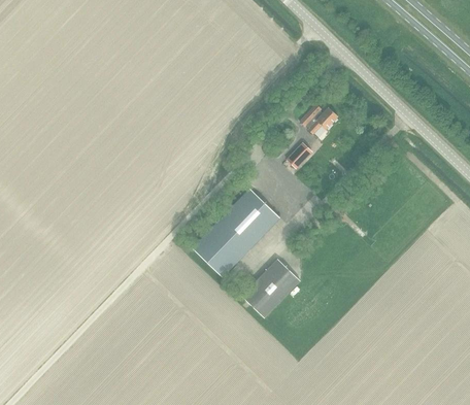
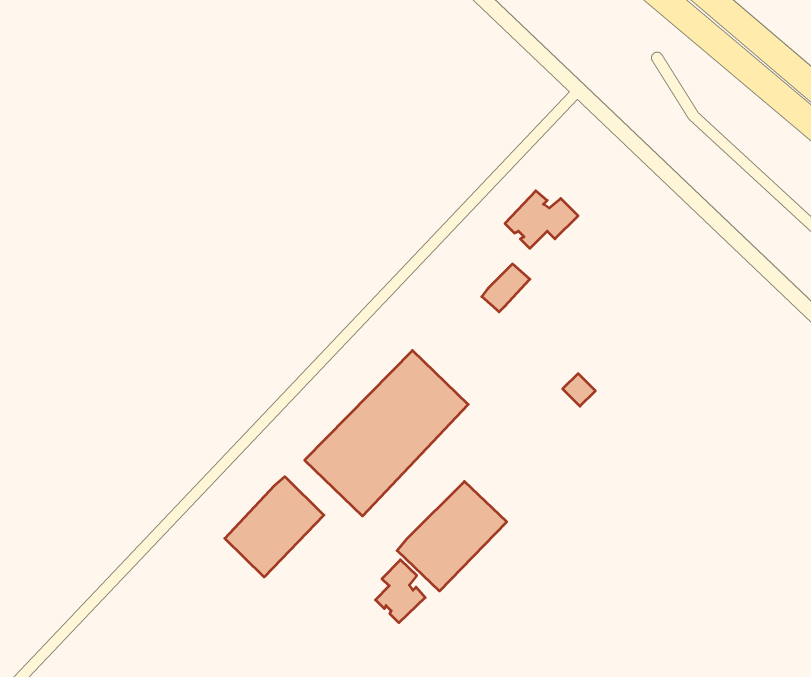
building: none -> [225,477,324,577]
building: none -> [375,560,425,623]

